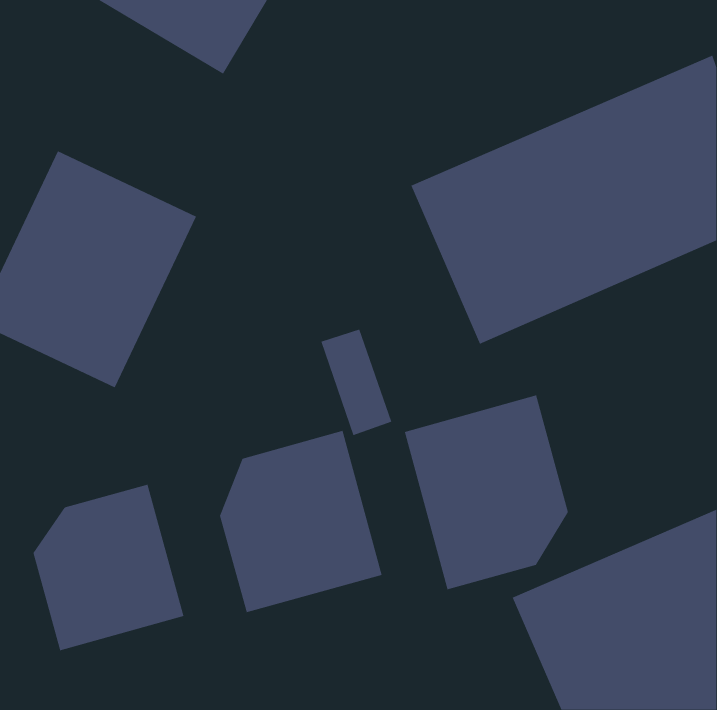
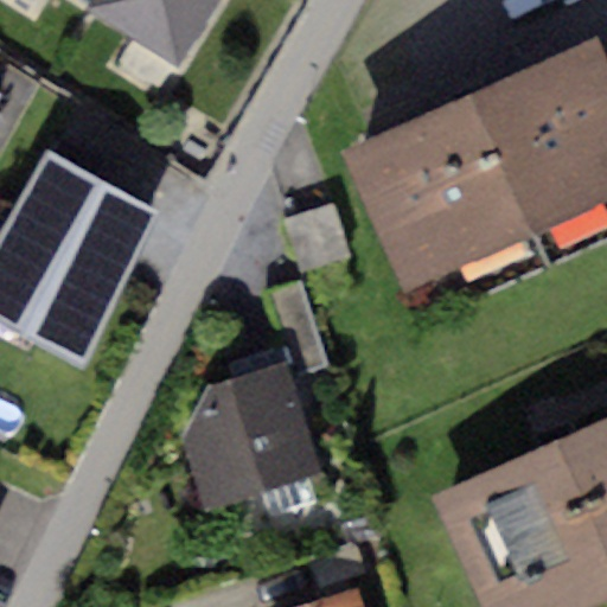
building: [404,395,569,590] -> none
building: [33,484,184,651] -> none

